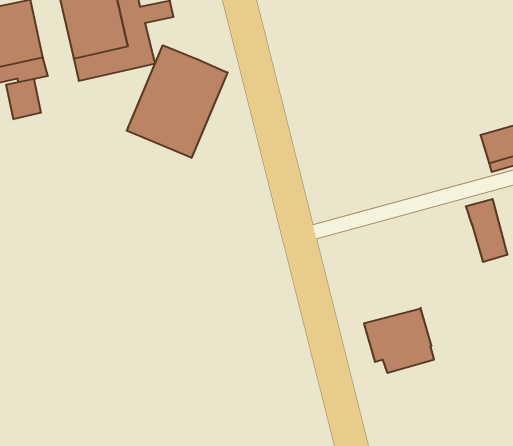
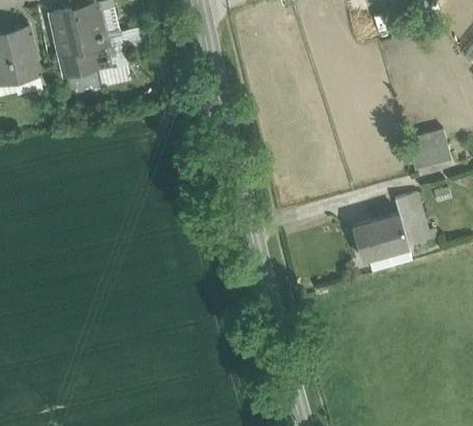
building: [127,45,228,158] -> none
building: [6,79,41,119] -> none
building: [364,308,434,373] -> [350,213,409,268]

